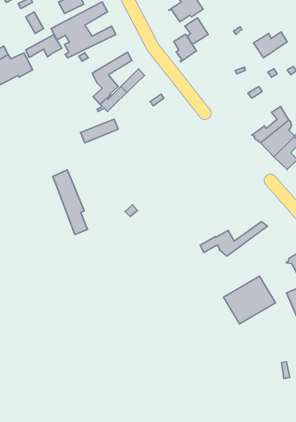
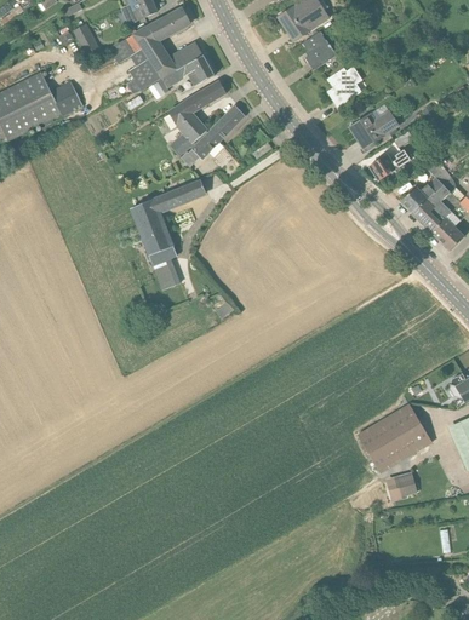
building: [254,32,287,58] -> [349,110,397,148]
building: [174,34,196,62] -> [327,67,360,107]
building: [26,35,62,58] -> [162,54,215,87]
building: none -> [368,143,418,180]
building: [53,170,87,234] -> [131,196,181,289]
building: [200,221,268,256] -> none
building: none -> [389,470,418,499]

